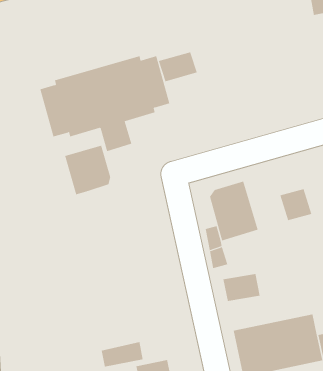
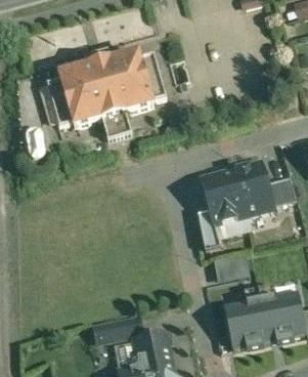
building: [158,51,198,82] -> none
building: [65,145,111,195] -> none
building: none -> [234,161,274,214]

